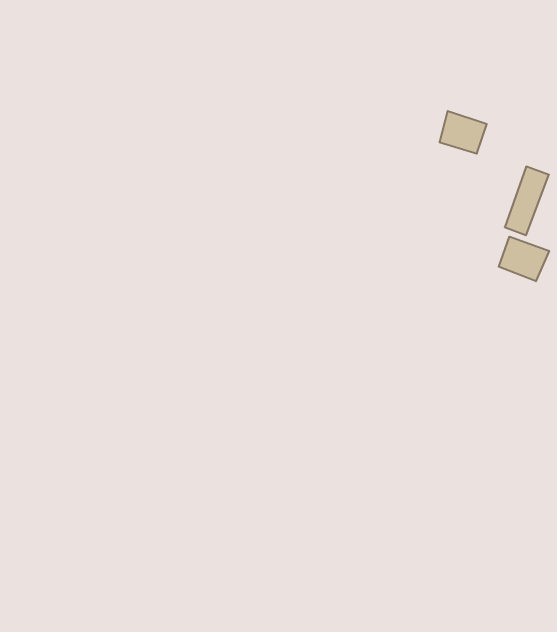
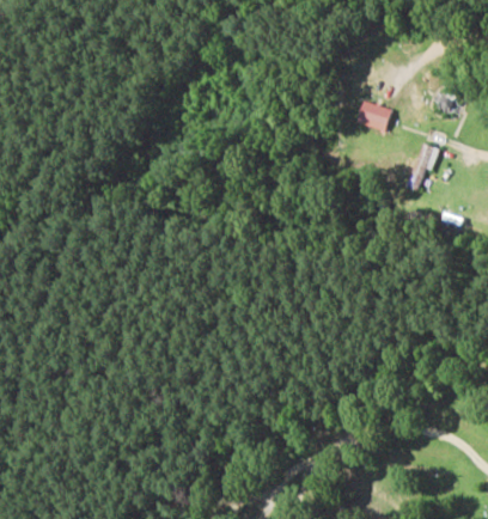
building: [499,237,549,281] -> none

